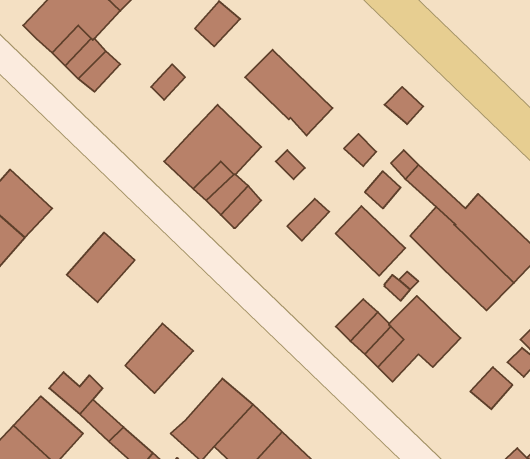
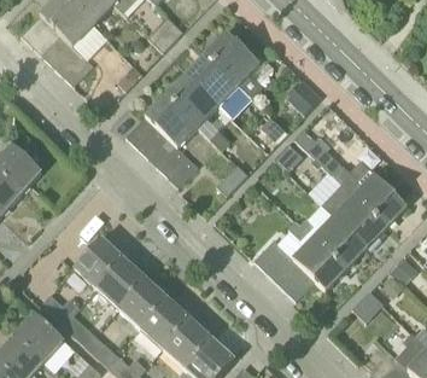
building: none -> [206,31,262,98]
building: none -> [165,74,218,126]
building: [336,206,405,276] -> [314,216,365,268]
building: [67,233,135,302] -> [74,237,124,289]
building: none -> [118,278,169,330]

